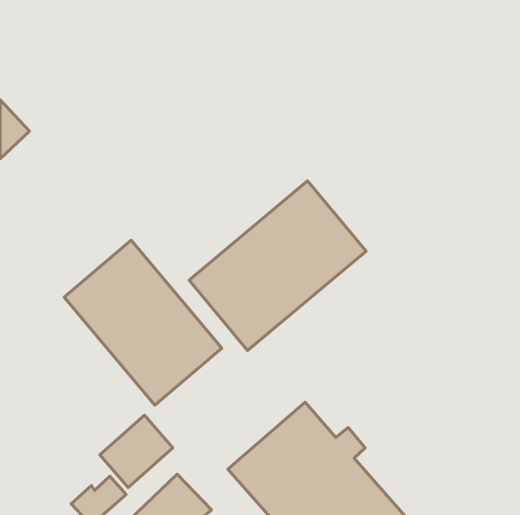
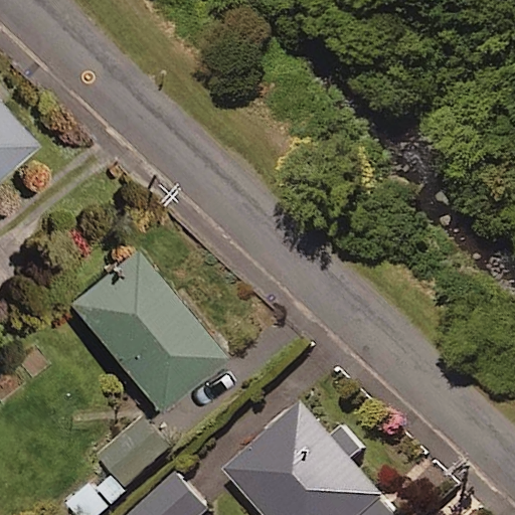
building: [189,181,366,351] -> none

